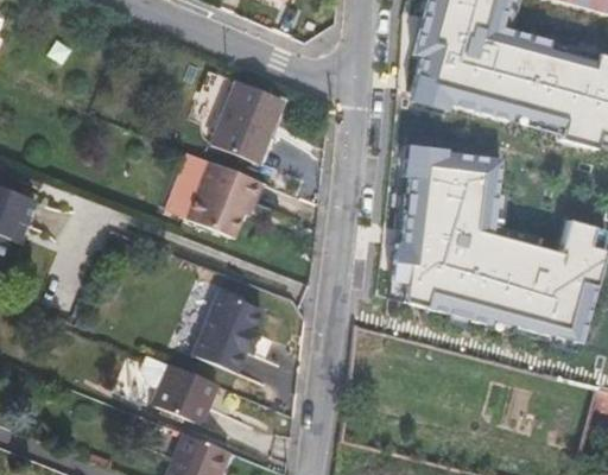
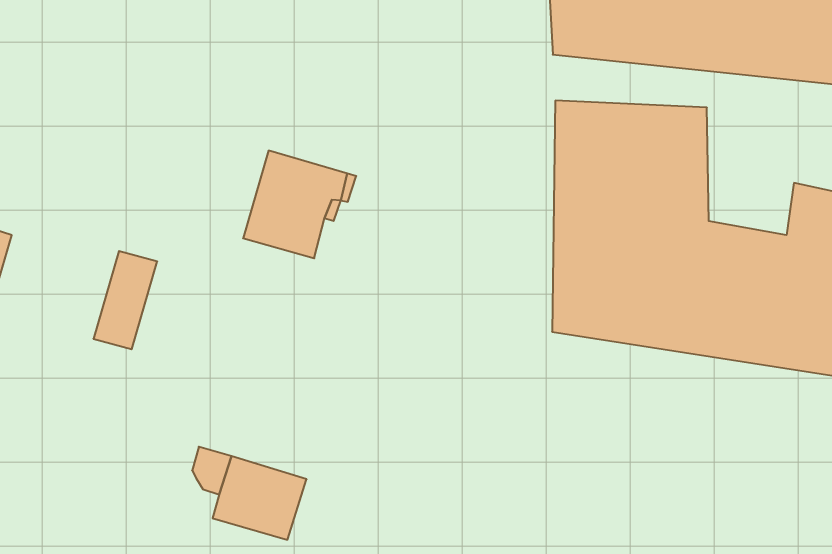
building: [213,82,284,163] -> none
building: [165,151,213,217] -> [93,251,157,349]
building: [191,289,261,370] -> none

